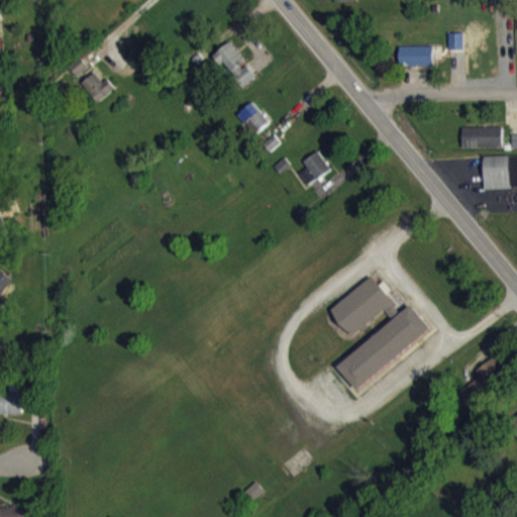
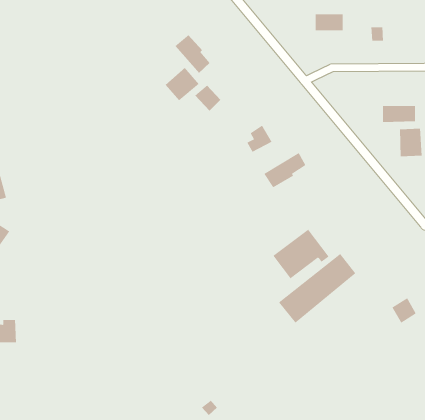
building: [397,45,431,66] -> [315,14,343,31]
building: [78,72,113,102] -> none
building: none -> [165,67,200,101]
building: none -> [263,152,306,188]

